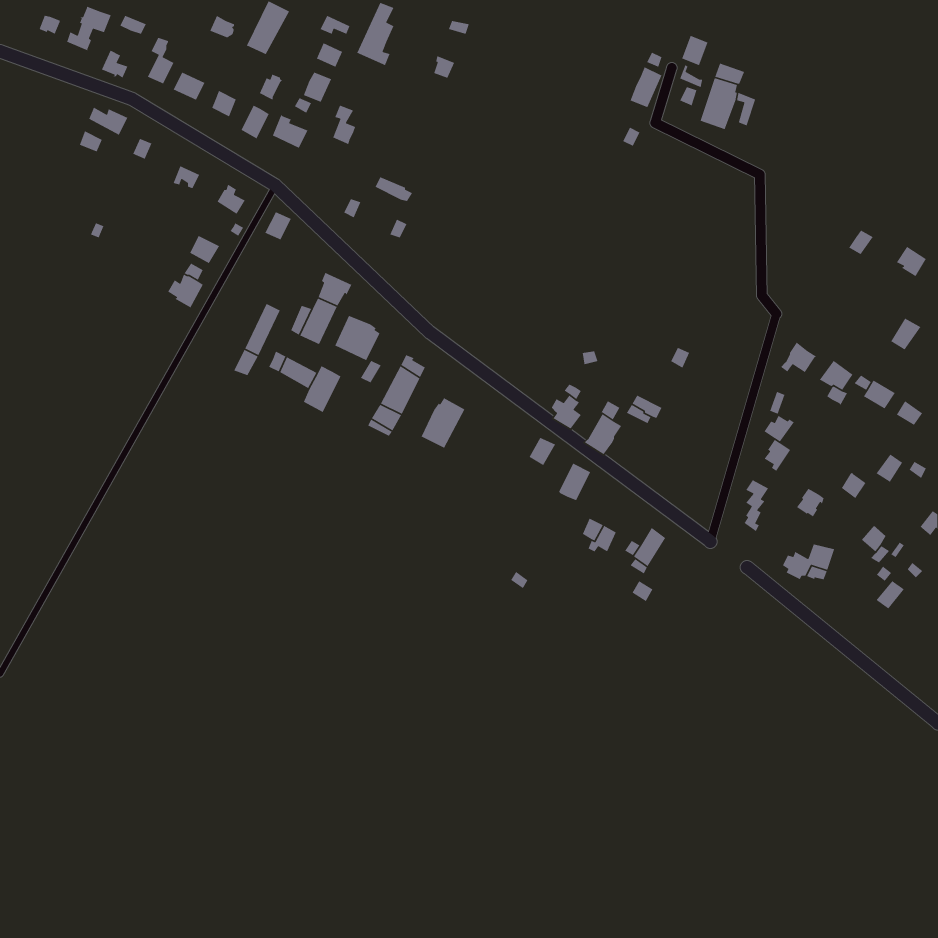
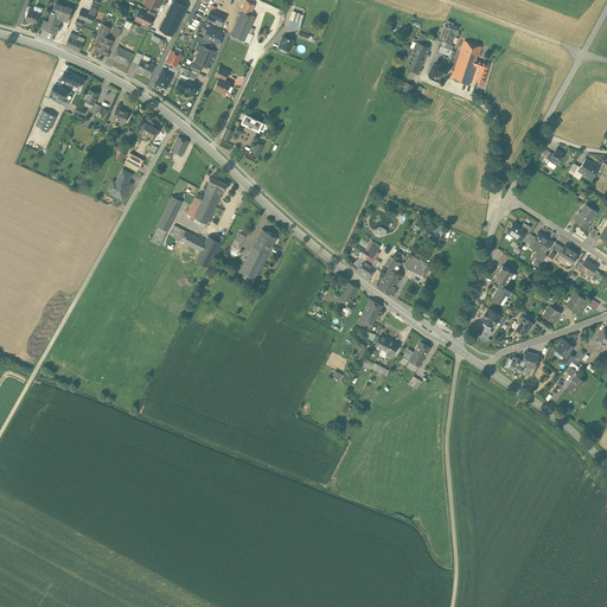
building: [334,315,380,361] -> none
building: [421,397,465,449] -> none

